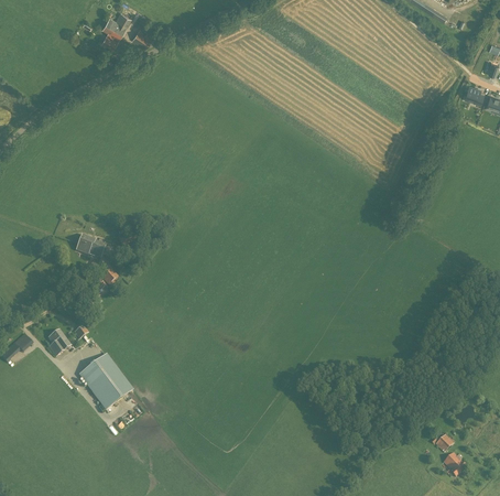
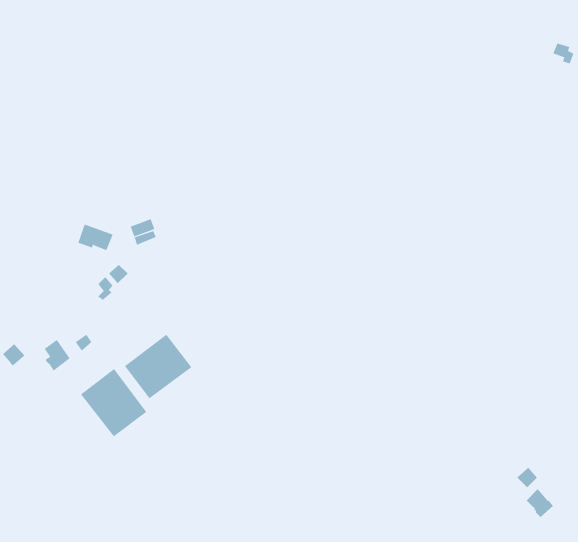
building: none -> [124,334,192,399]

